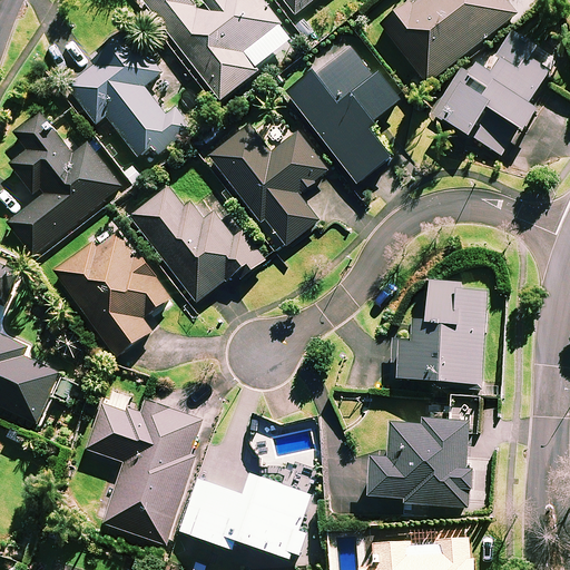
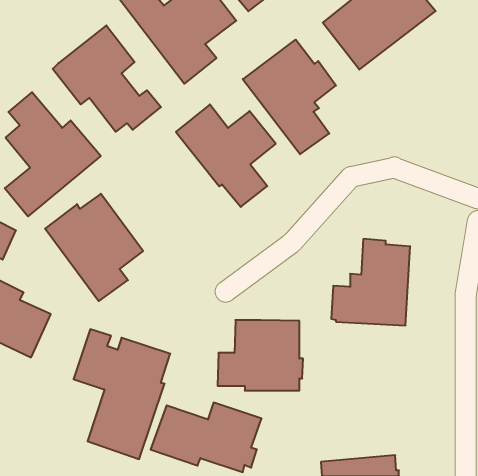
building: [431,30,548,155] -> none
building: [130,187,265,302] -> none
building: [371,421,472,504] -> [218,320,303,391]

